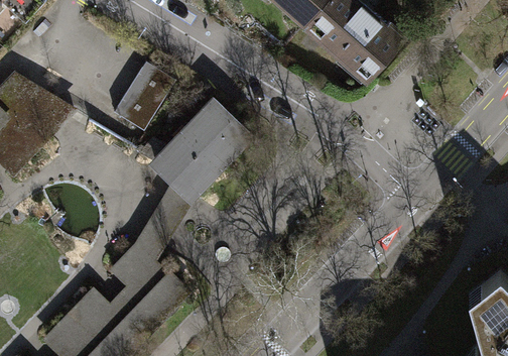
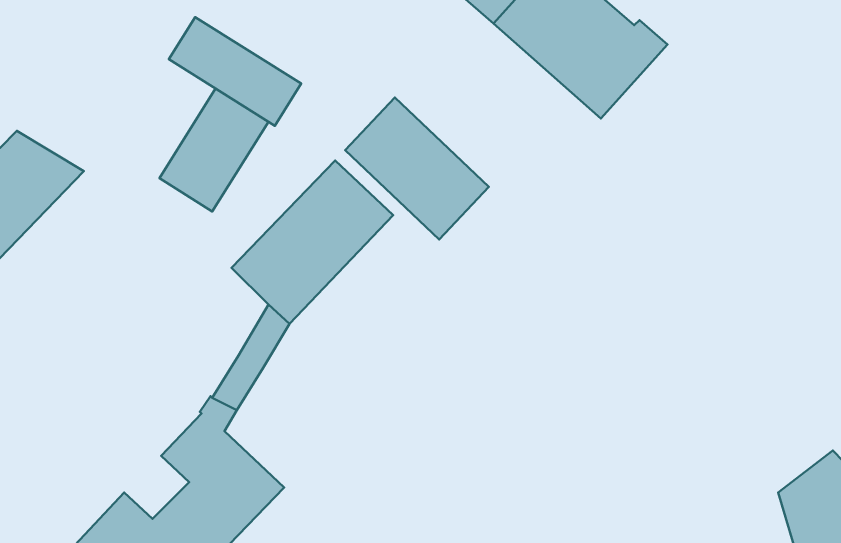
building: none -> [169,17,301,126]
building: none -> [345,98,489,239]

